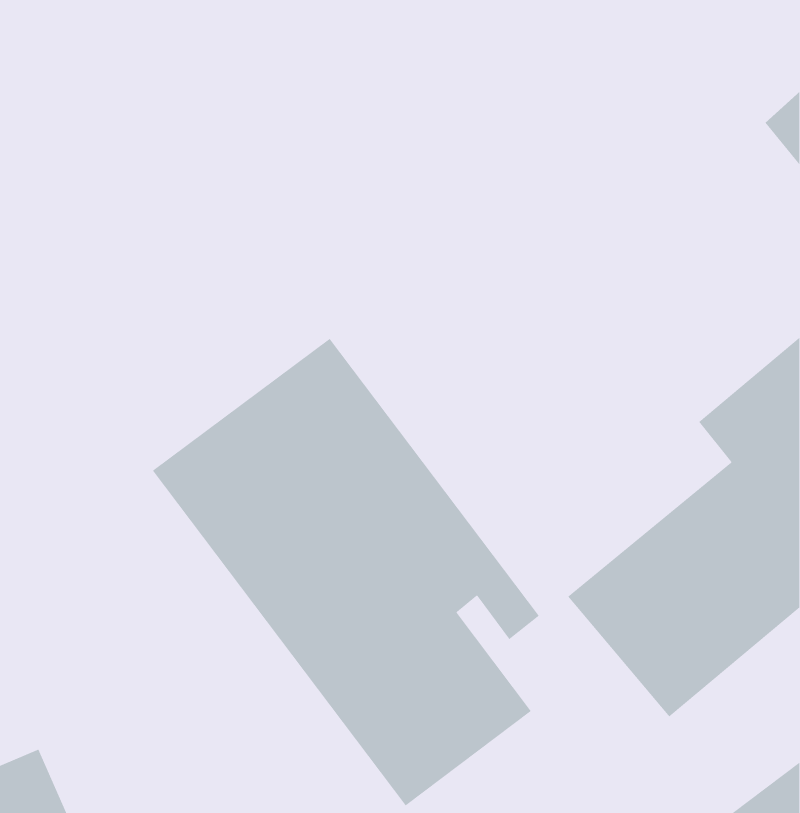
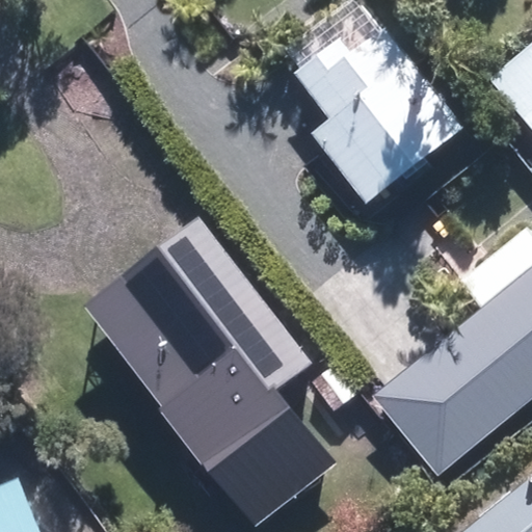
building: none -> [234,33,467,213]

